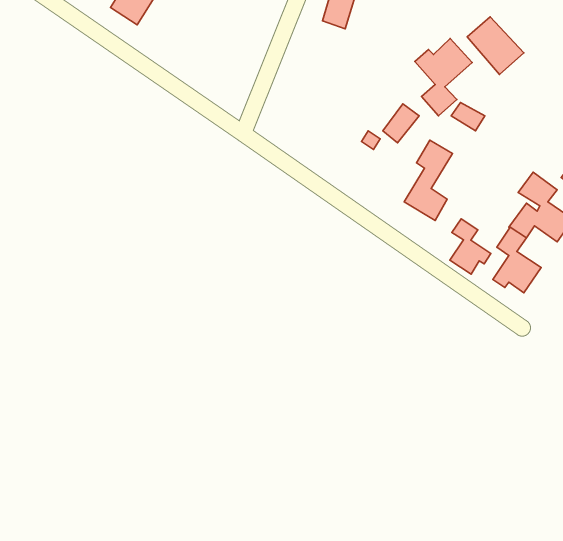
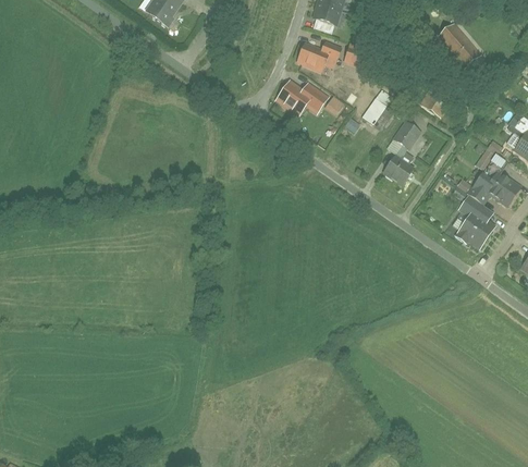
building: none -> [296,39,334,71]
building: [415,39,472,116] -> none
building: none -> [277,77,329,115]
building: [450,219,491,274] -> none

